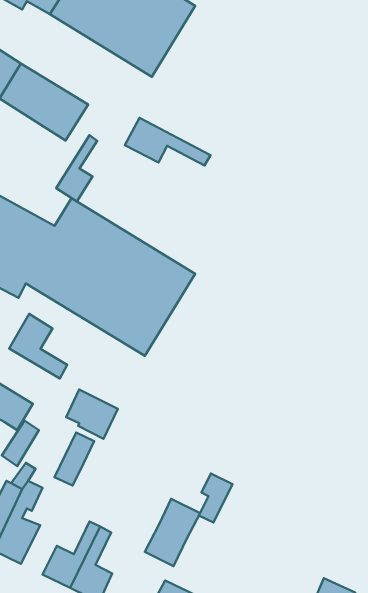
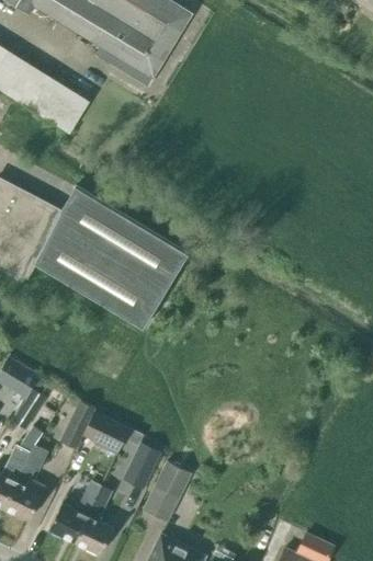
building: [125,118,210,166] -> none
building: [56,135,97,201] -> none
building: [9,314,67,378] -> none
building: [66,390,118,439] -> [82,410,129,455]
building: [199,473,233,523] -> [129,443,160,488]

